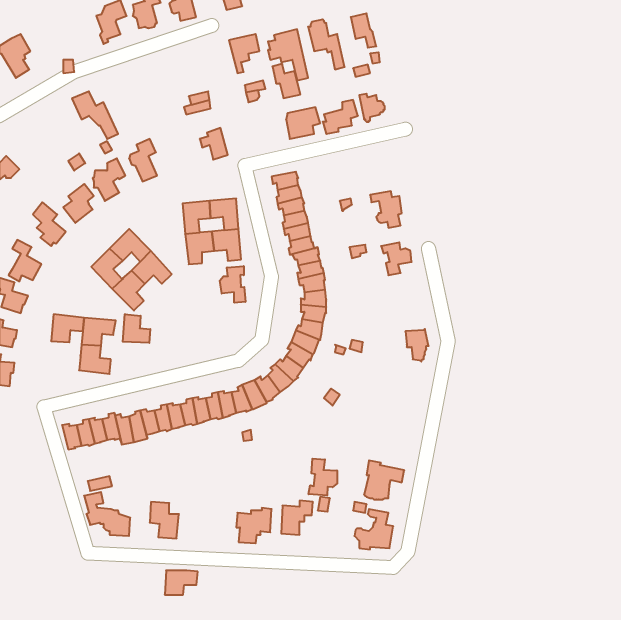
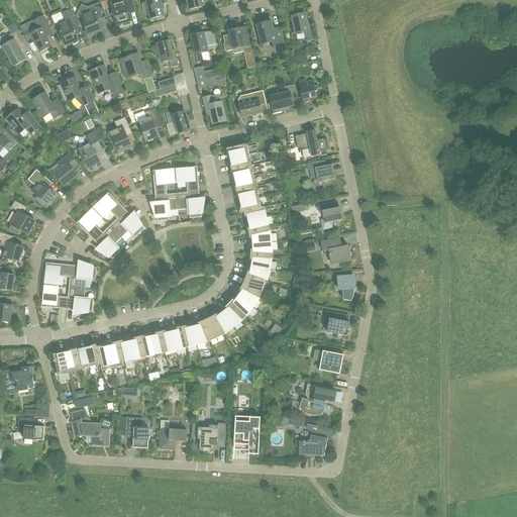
building: none -> [56,7,79,42]
building: none -> [22,14,50,50]
building: none -> [151,38,177,66]
building: none -> [118,51,150,79]
building: [272,64,300,98] -> [202,94,225,122]
building: none -> [88,64,123,94]
building: none -> [31,91,64,117]
building: none -> [5,107,39,132]
building: none -> [137,107,160,139]
building: none -> [294,128,328,154]
building: [220,266,245,303] -> none
building: none -> [320,237,350,263]
building: [123,314,150,343] -> none
building: none -> [40,283,67,307]
building: none -> [322,309,348,334]
building: none -> [318,349,342,373]
building: none -> [10,365,33,389]
building: [309,459,337,495] -> none
building: none -> [17,416,43,438]
building: [165,570,198,595] -> [159,427,186,447]

